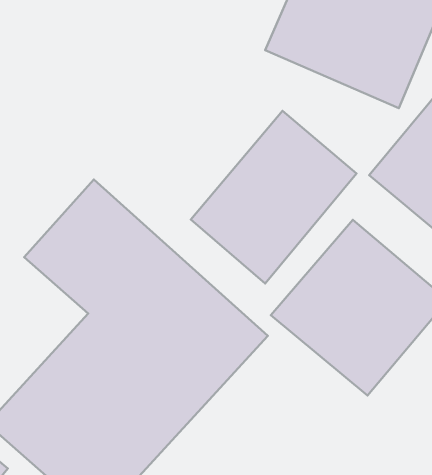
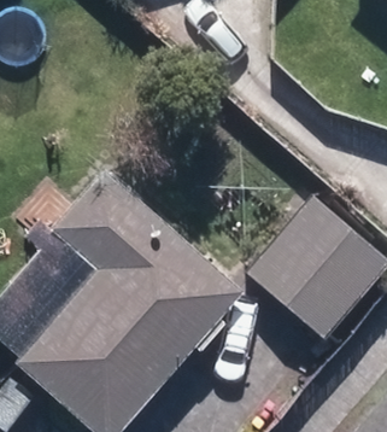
building: [191,111,357,284] -> none

